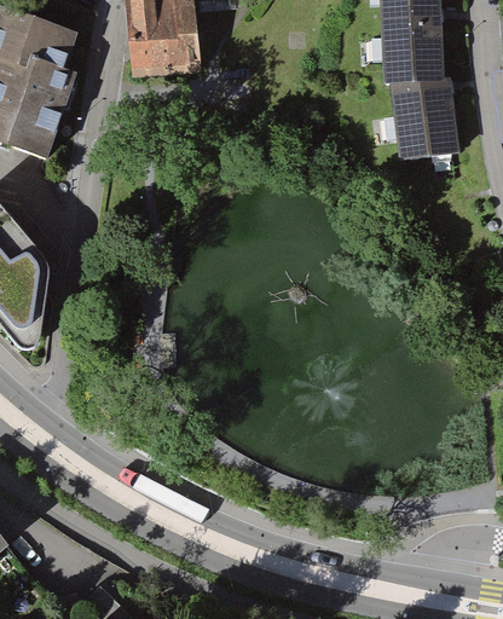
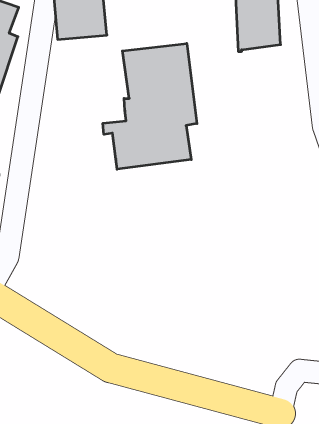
building: none -> [103,43,197,169]
building: [389,81,459,166] -> none

